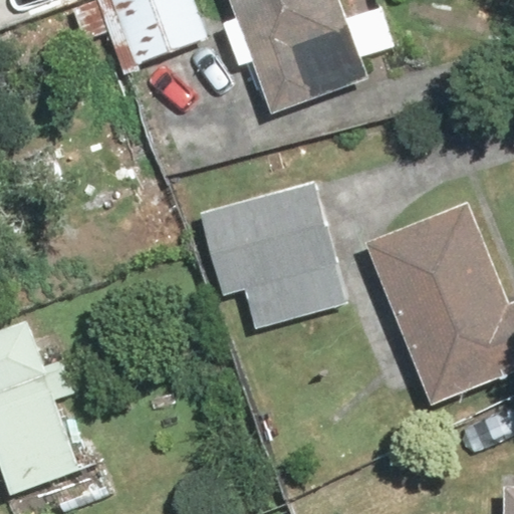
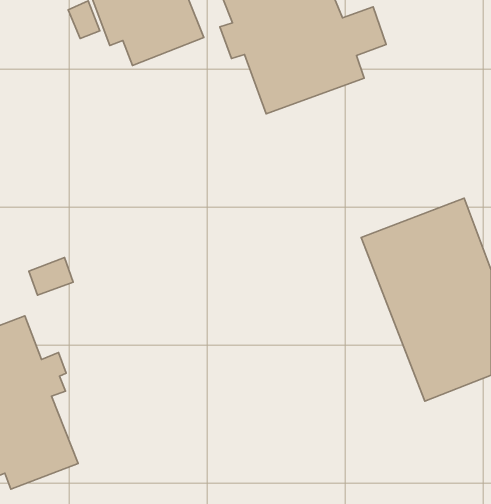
building: [199,181,345,329] -> none

